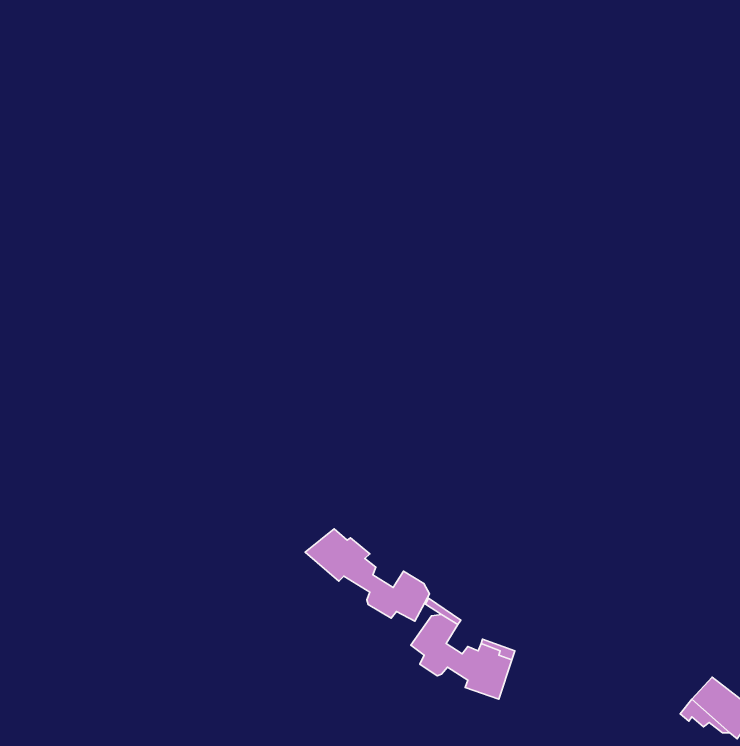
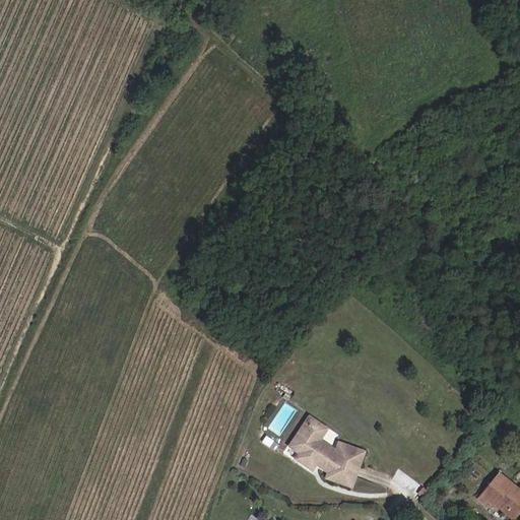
building: [305,529,429,621] -> none

